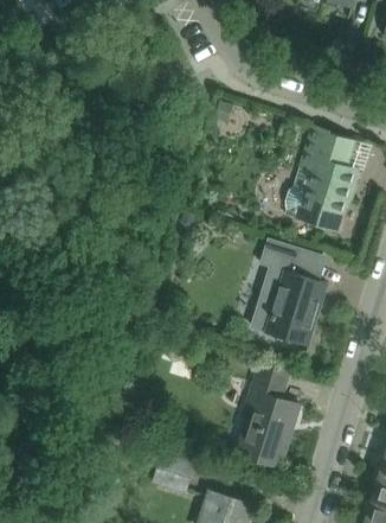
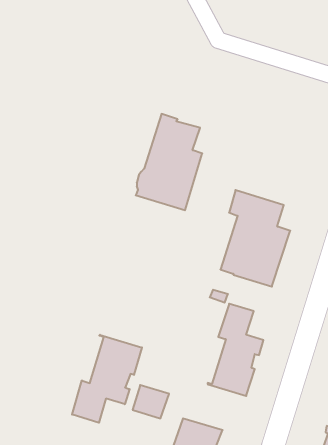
building: [284,125,358,231] -> [136,114,202,210]
building: none -> [72,335,142,423]

